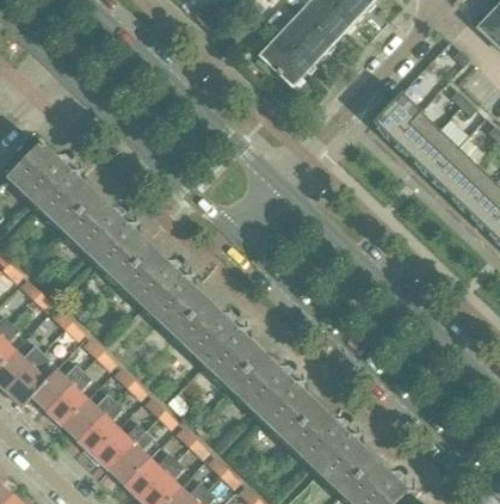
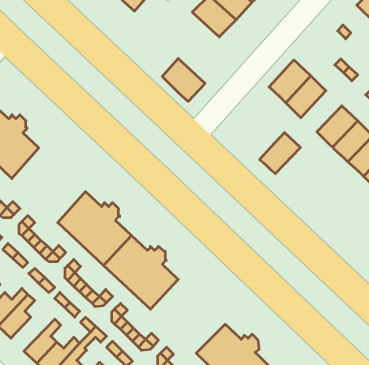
building: [261,33,313,85] -> [162,58,205,101]
building: [411,128,459,177] -> [260,133,300,174]
building: [64,196,153,285] -> none
building: [230,354,320,442] -> none
building: [63,394,116,440] -> none

